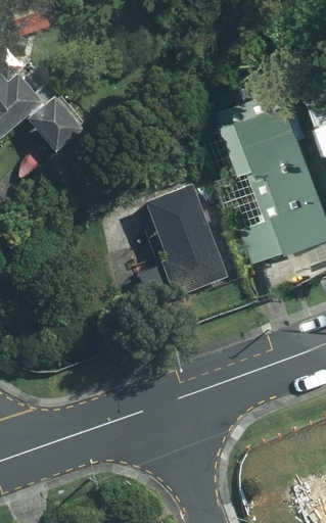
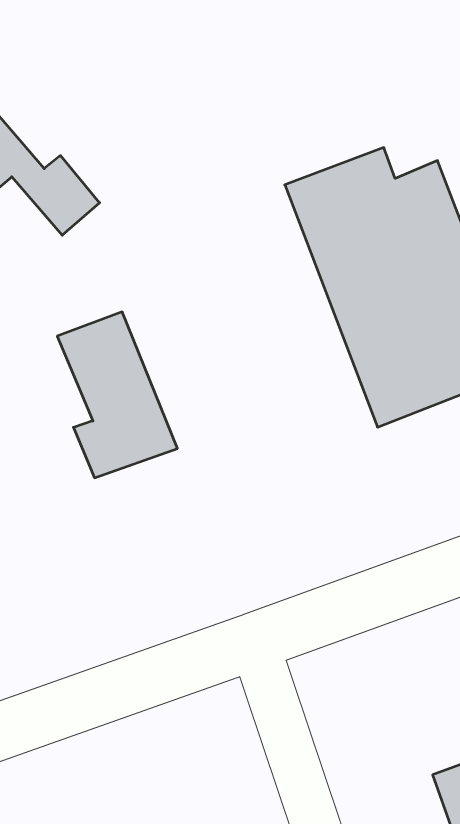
building: [149,193,225,297] -> [57,312,177,478]

